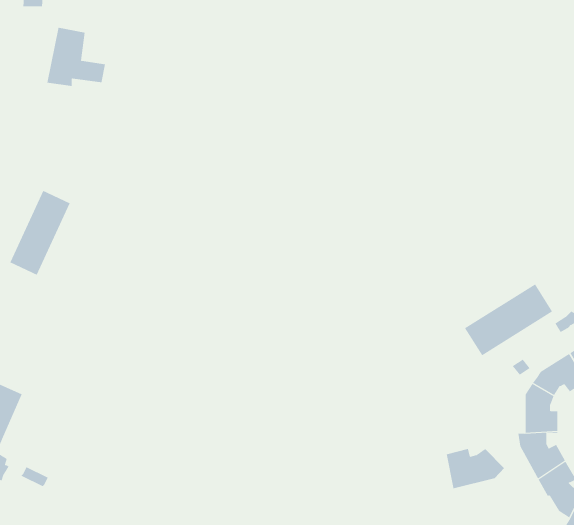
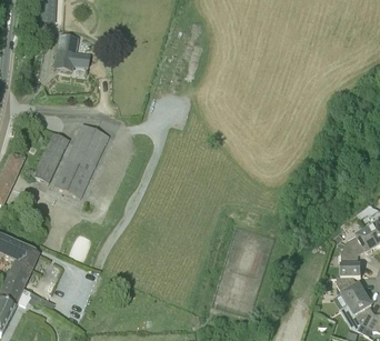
building: none -> [53,122,109,197]
building: [464,283,553,356] -> none
building: [446,448,505,489] -> none

